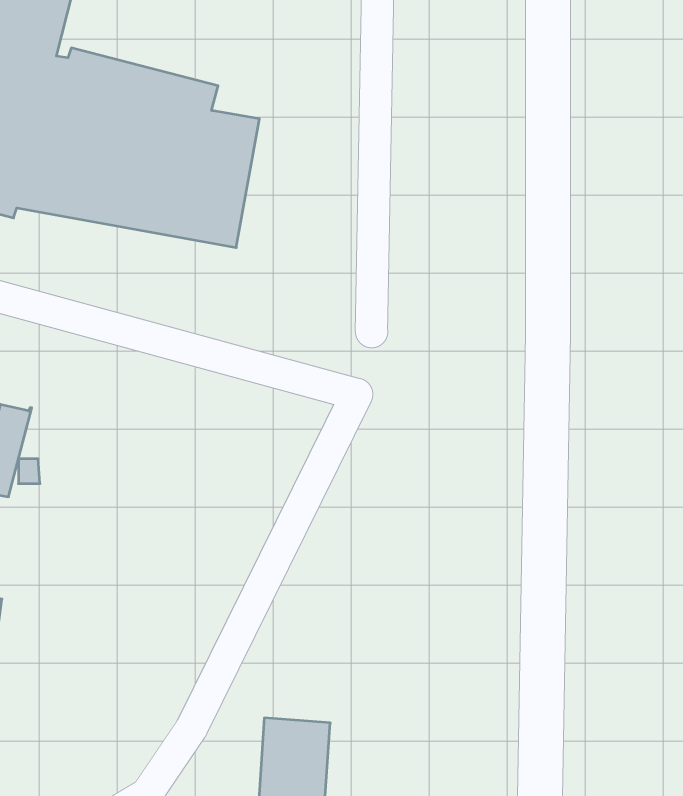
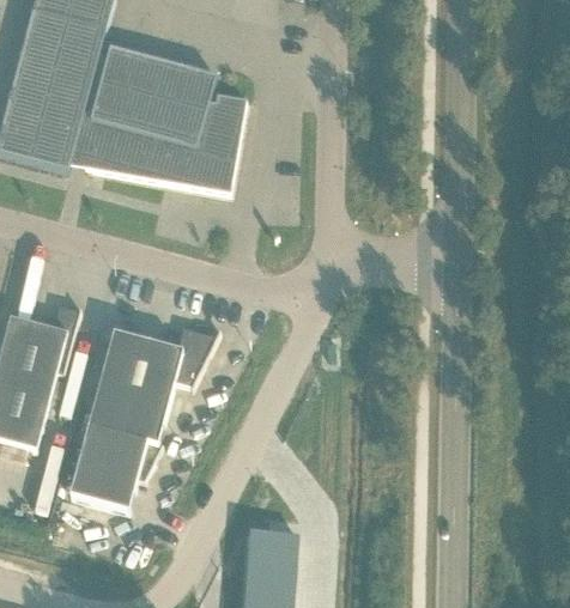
building: none -> [69,327,220,511]

